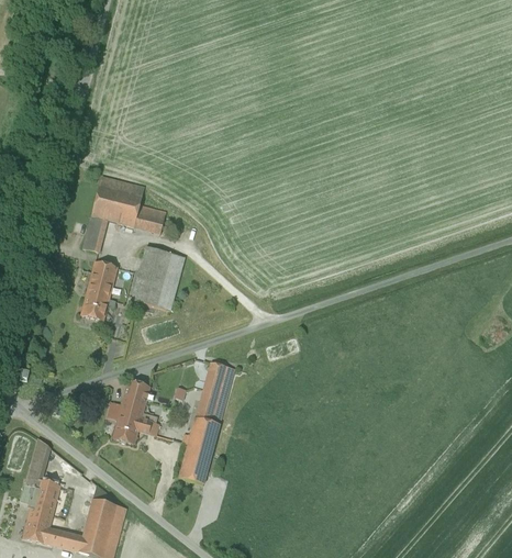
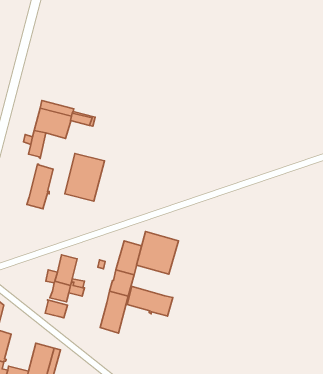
building: [133,204,165,233] -> none
building: none -> [137,231,179,274]
building: none -> [127,286,173,316]
building: none -> [45,300,67,318]

